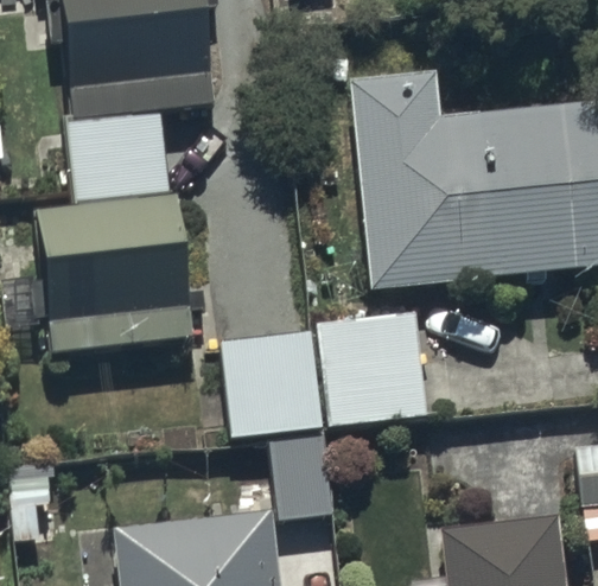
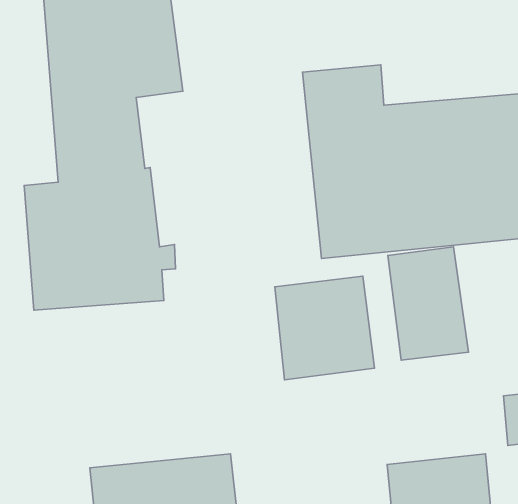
building: none -> [388,247,469,360]
building: [222,333,330,521] -> none

